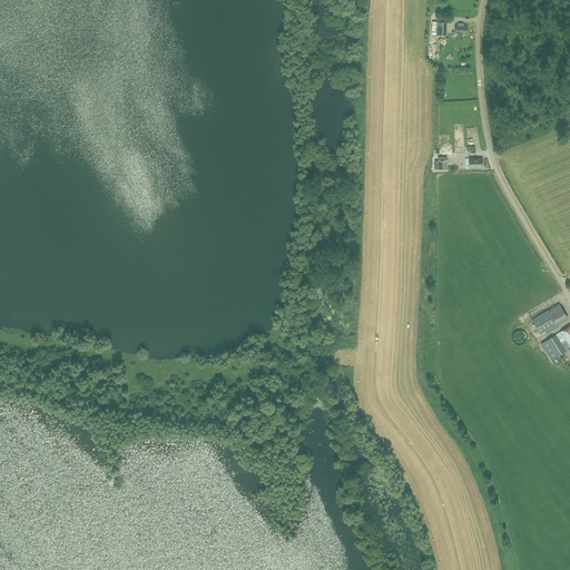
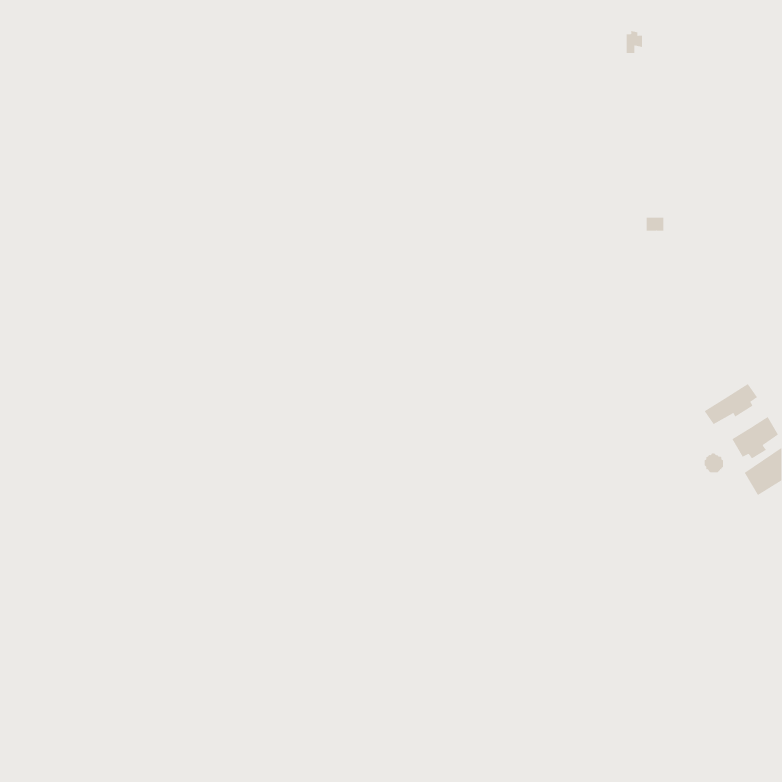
building: none -> [704,383,758,425]

